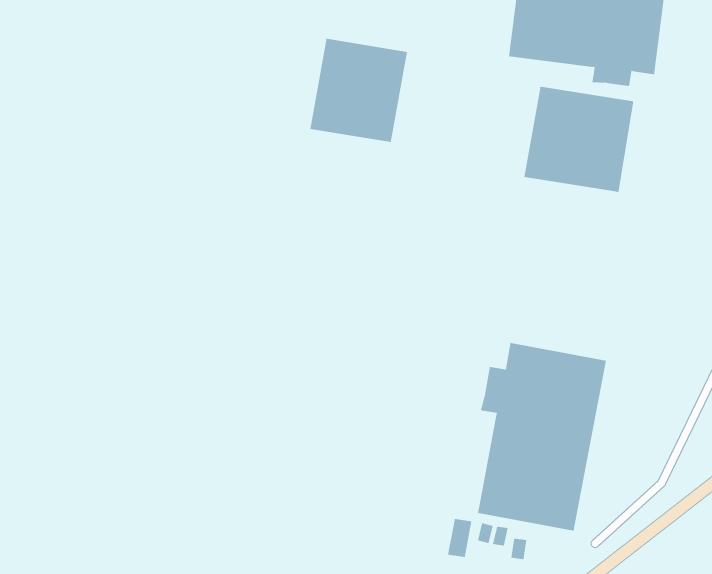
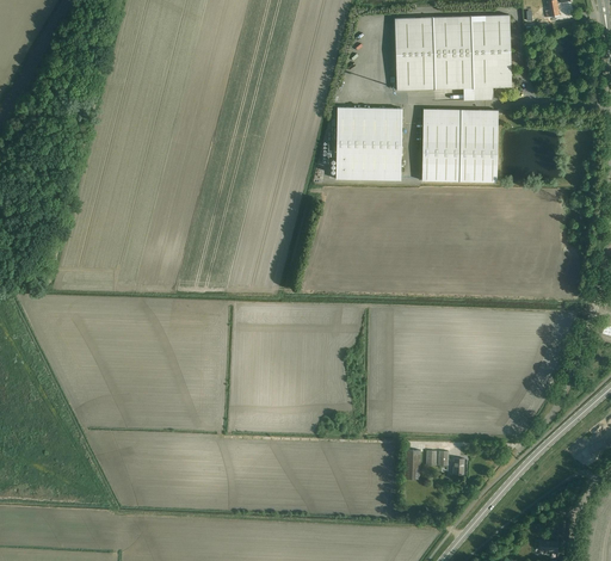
building: [310,38,408,143] -> [335,107,402,180]
building: [477,342,607,531] -> none

